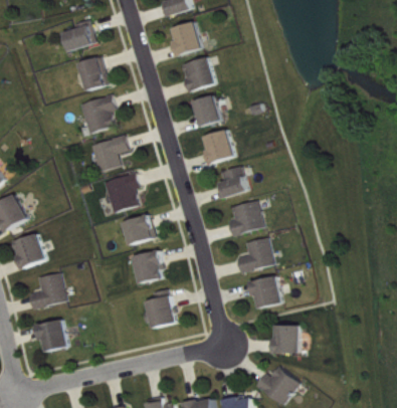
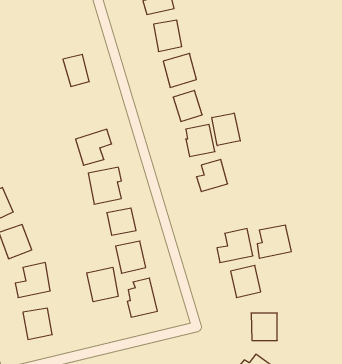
building: [62,20,93,50] -> none
building: [78,94,116,134] -> none
building: none -> [212,113,240,146]
building: [228,201,263,235] -> [257,225,291,258]
building: none -> [87,267,118,302]

